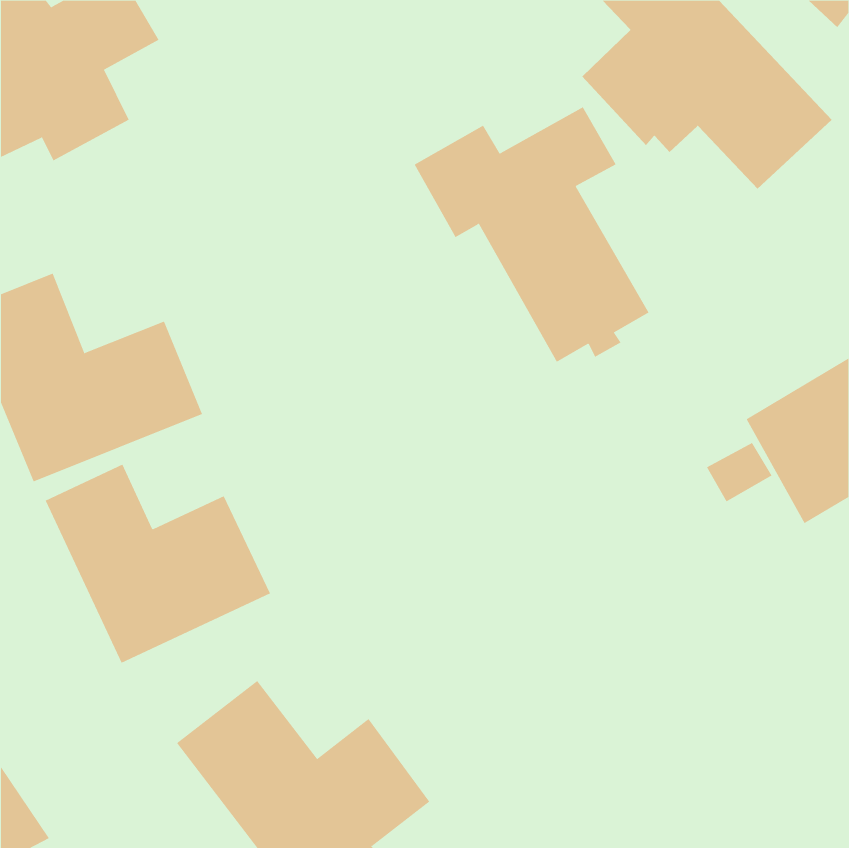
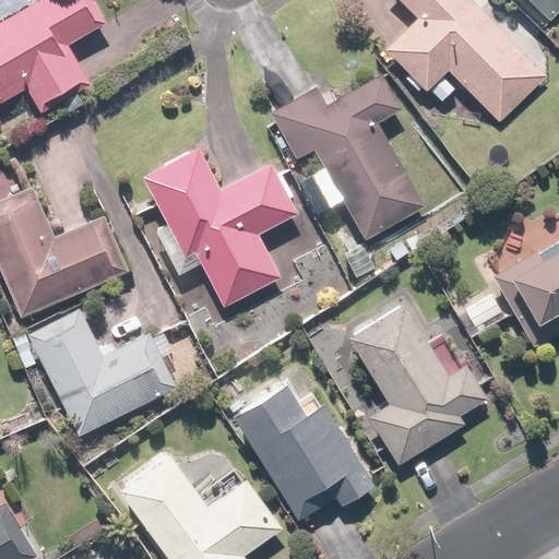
building: none -> [142,145,298,307]
building: none -> [345,297,486,468]
building: none -> [233,379,377,519]

